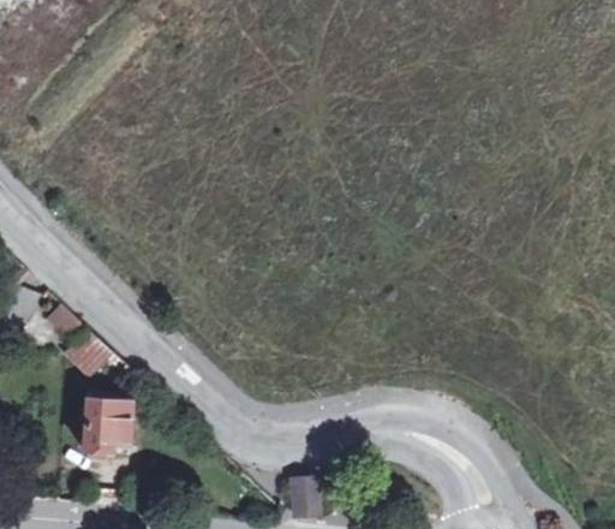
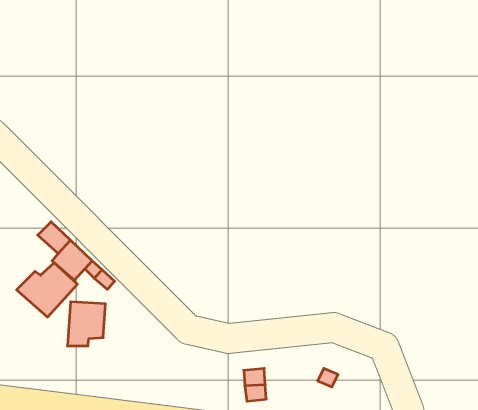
building: none -> [17,263,77,317]

